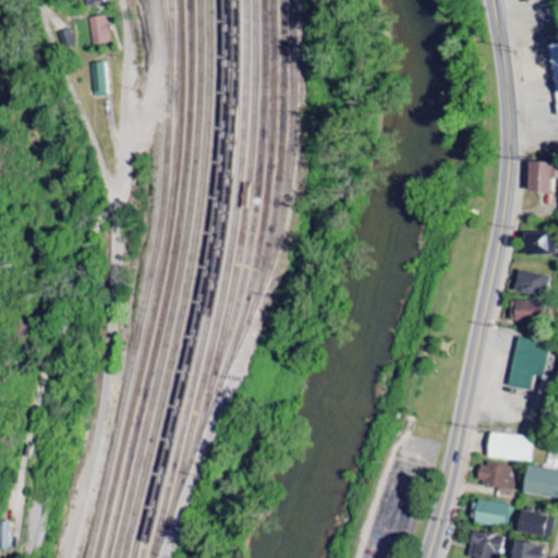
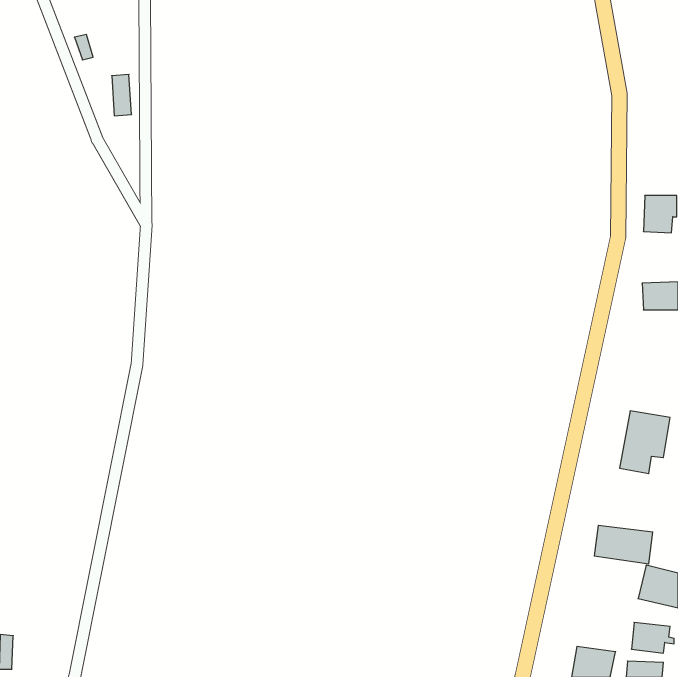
building: [89,14,110,45] -> none
building: [513,269,549,296] -> none
building: [510,300,542,322] -> none
building: [476,461,514,495] -> none
building: [476,499,513,525] -> none

